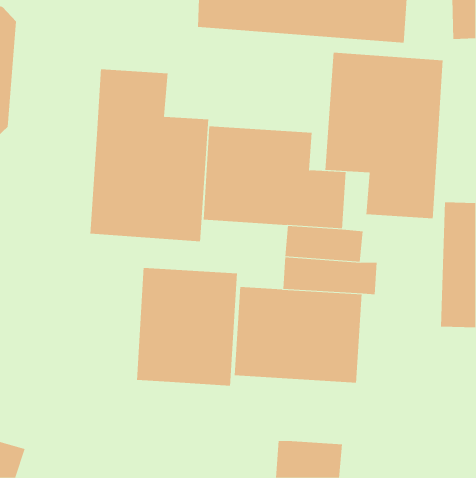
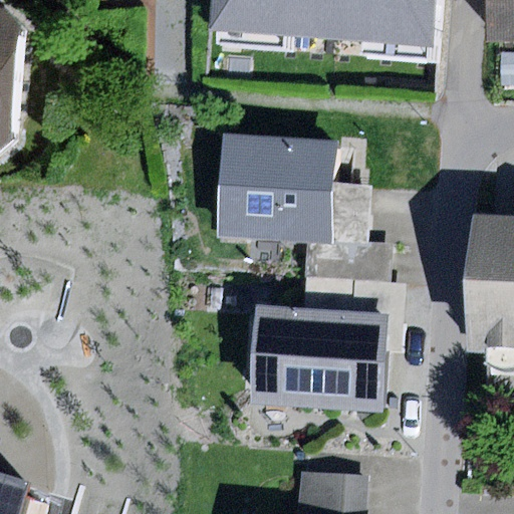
building: [325,52,443,219] -> none
building: [90,68,209,242] -> none
building: [136,267,237,386] -> none

